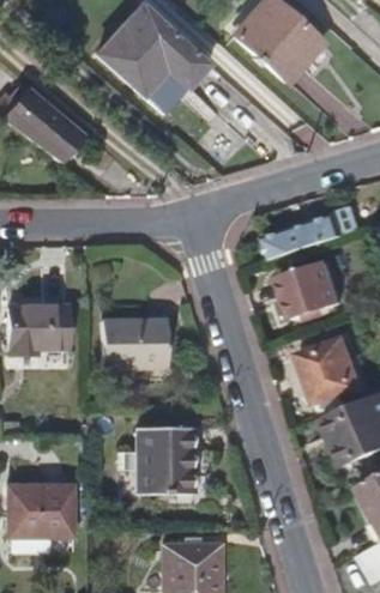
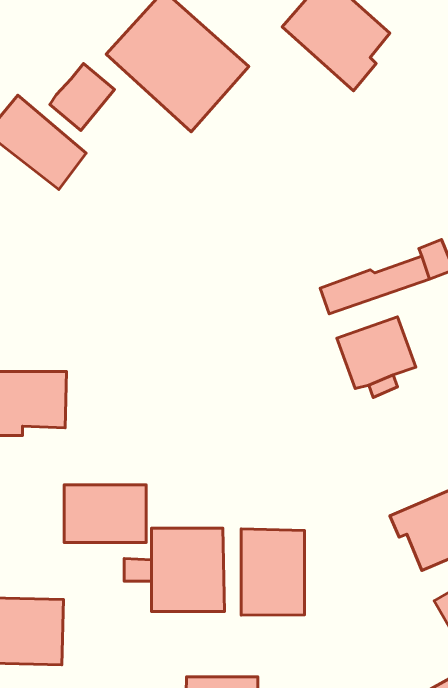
building: none -> [50,63,114,130]
building: [97,322,162,368] -> [64,485,146,543]
building: [300,339,361,406] -> none
building: none -> [241,529,305,615]

